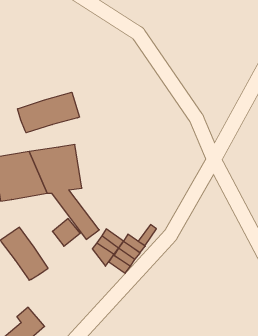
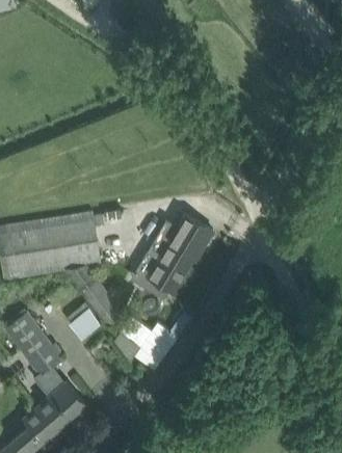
building: [18,92,80,133] -> none
building: none -> [136,217,212,300]
building: none -> [34,370,85,432]

